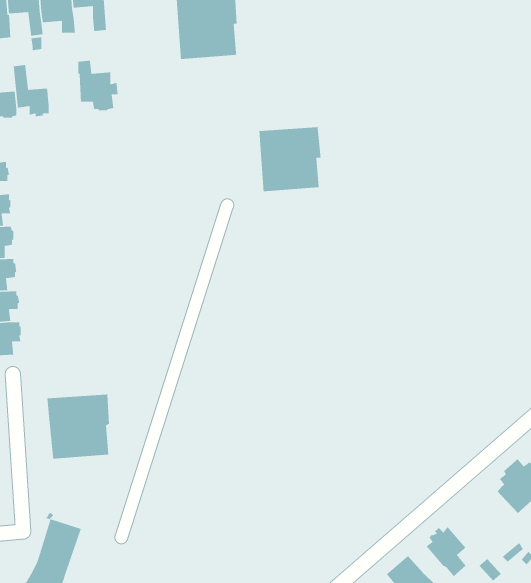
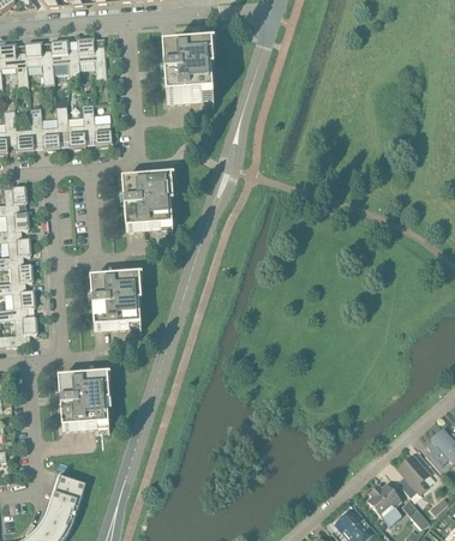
building: none -> [55,104,85,146]
building: [258,126,322,195] -> [121,175,173,232]
building: none -> [89,273,142,330]
building: none -> [396,453,429,495]

